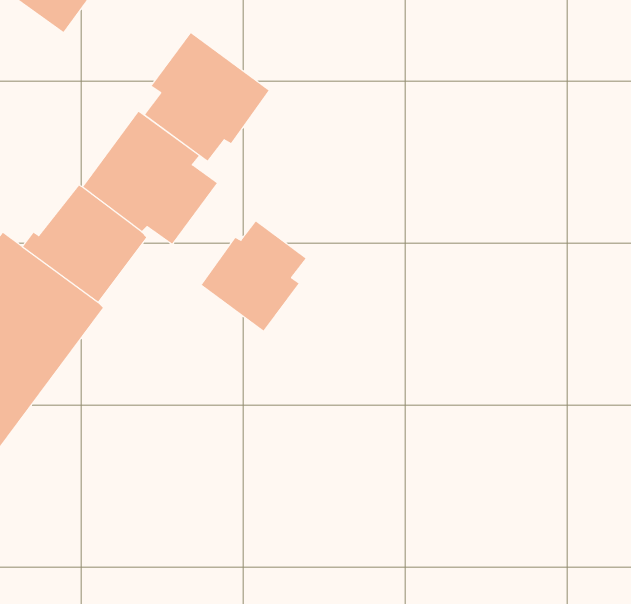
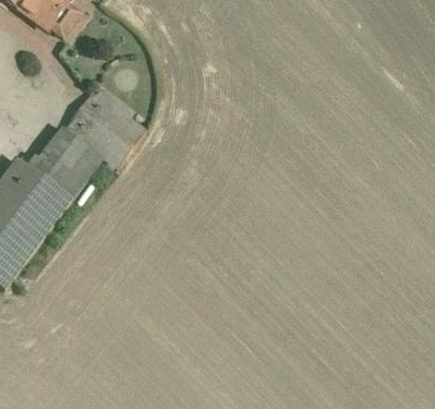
building: [144,32,270,162] -> none
building: [201,221,306,332] -> none

